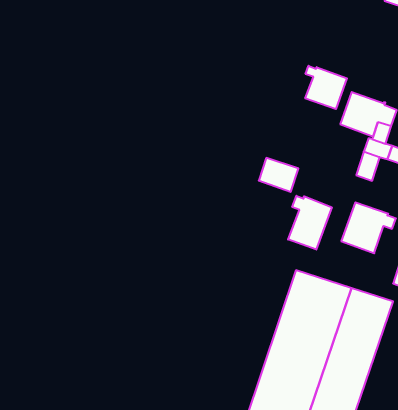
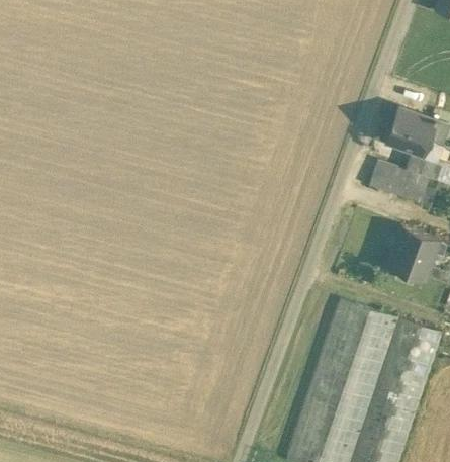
building: [305,66,347,109] -> none
building: [259,158,298,192] -> [369,161,412,197]
building: [288,196,332,250] -> none

